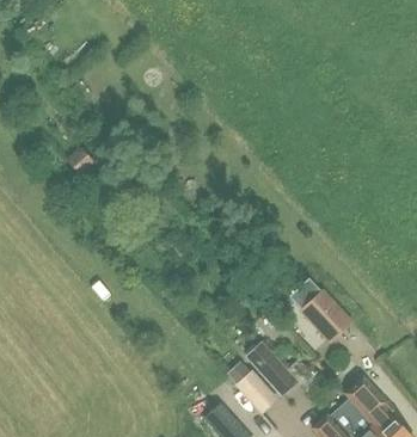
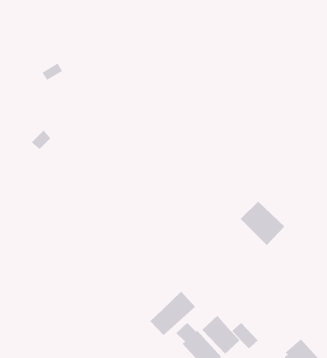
building: [301,293,351,343] -> [240,201,285,246]
building: none -> [150,291,196,336]

